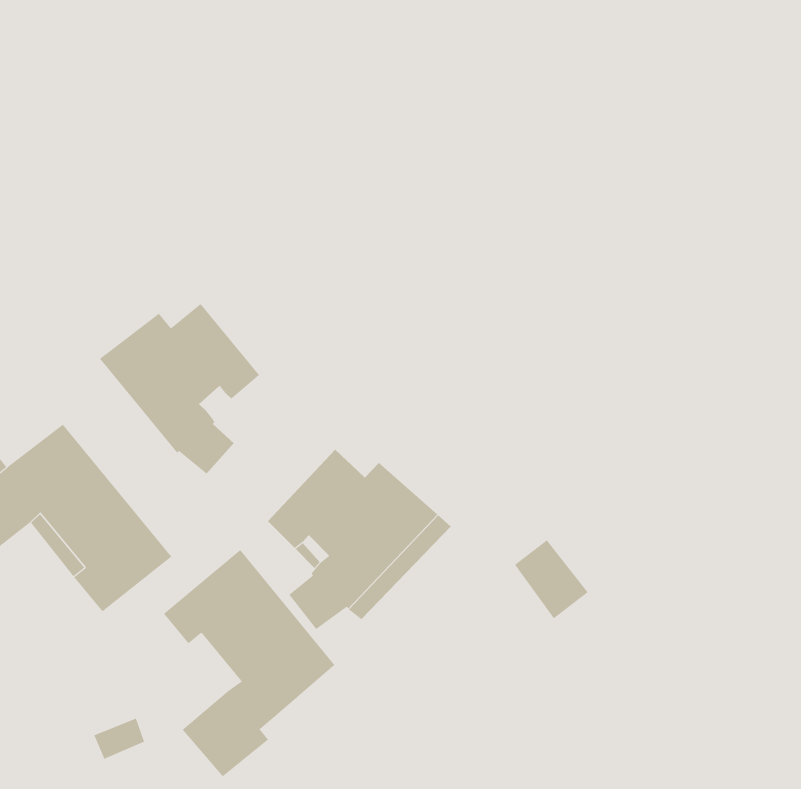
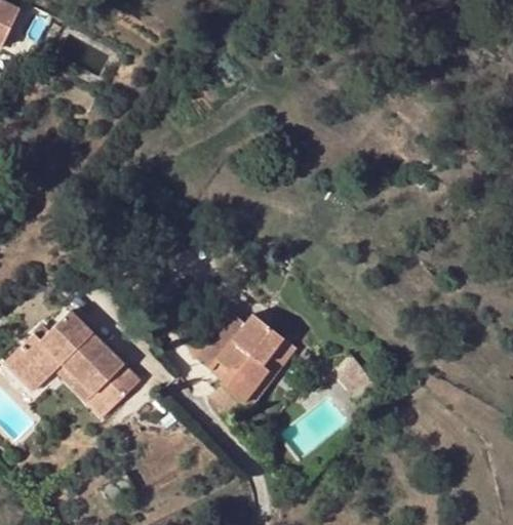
building: [99,303,260,474] -> none
building: [163,549,335,777] -> none

